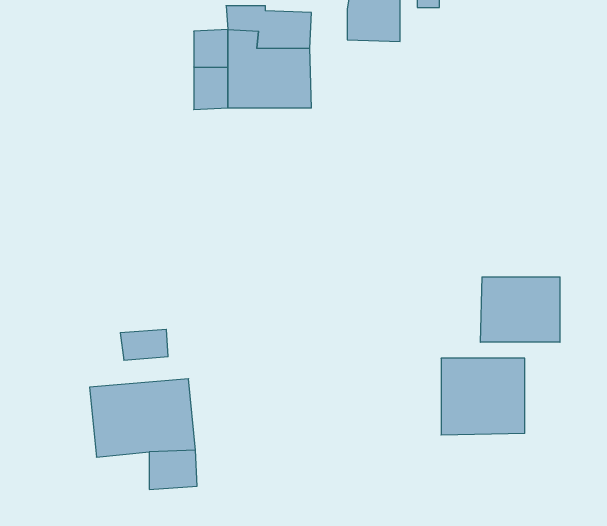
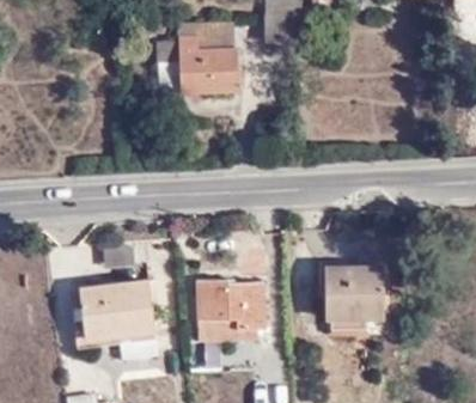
building: [480,277,560,342] -> none
building: none -> [196,281,266,341]

